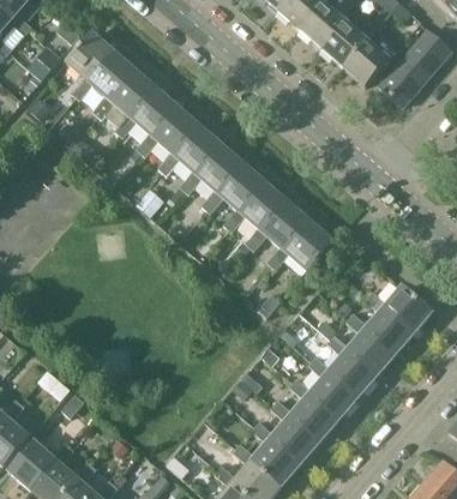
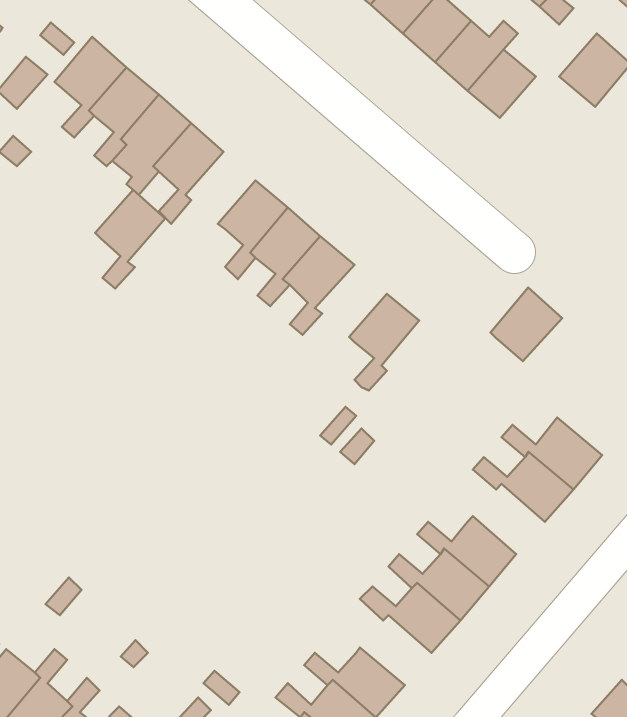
building: [379,58,427,106] -> none
building: [154,108,200,174] -> [95,190,165,289]
building: [240,184,288,250] -> none
building: [284,221,332,270] -> [490,288,562,361]
building: [326,330,393,377] -> none
building: [252,417,318,464] -> none

